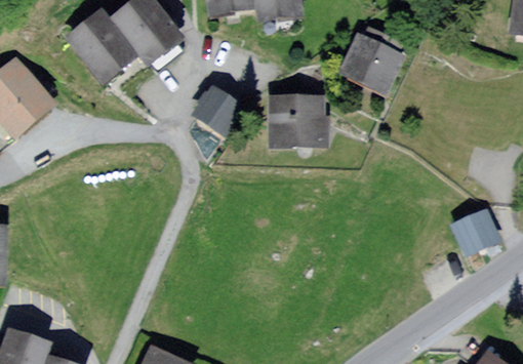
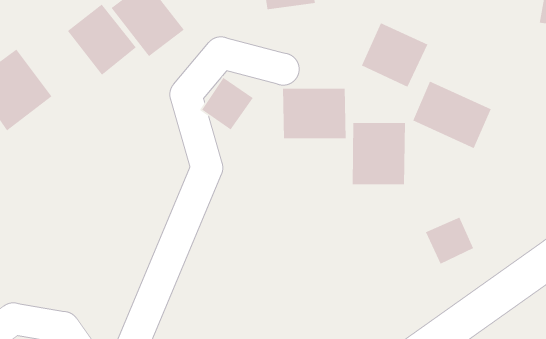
building: none -> [412,81,492,149]
building: none -> [352,122,406,185]
building: [454,207,500,252] -> [425,217,474,265]

